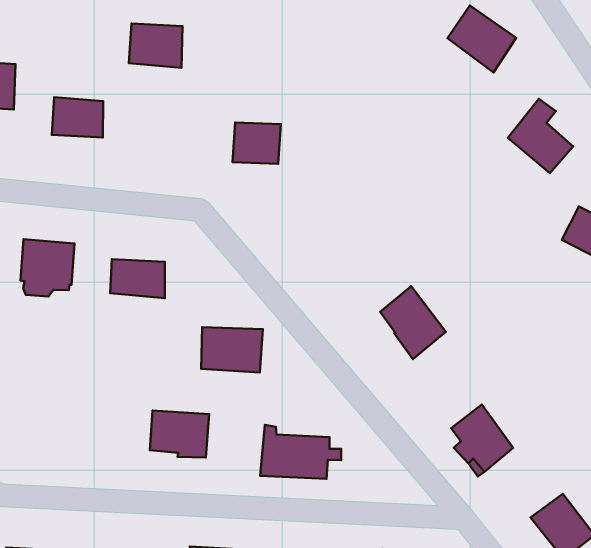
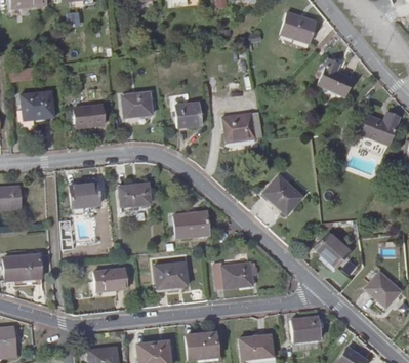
building: [129,24,183,68] -> [119,88,150,113]
building: none -> [222,108,262,138]
building: none -> [92,267,127,290]

